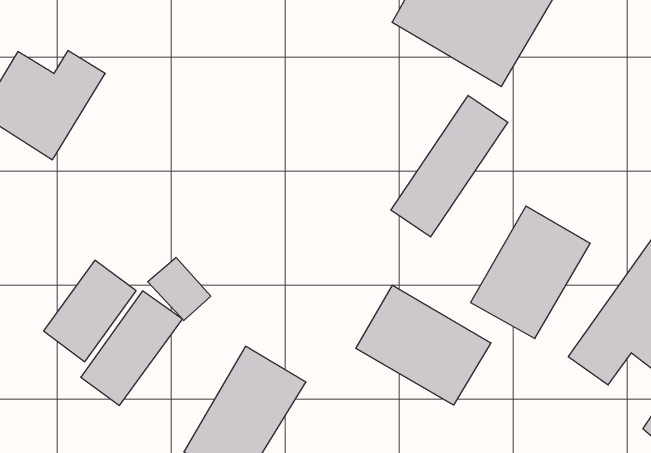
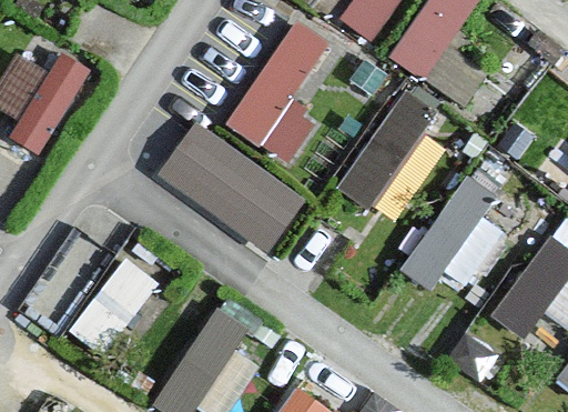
building: none -> [230,14,331,162]
building: none -> [154,120,306,255]
building: [356,285,491,405] -> none

